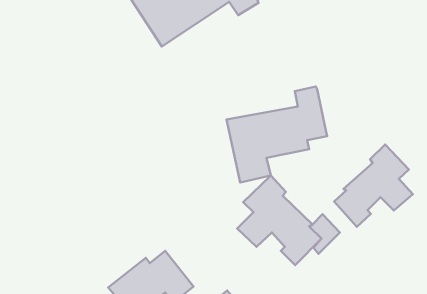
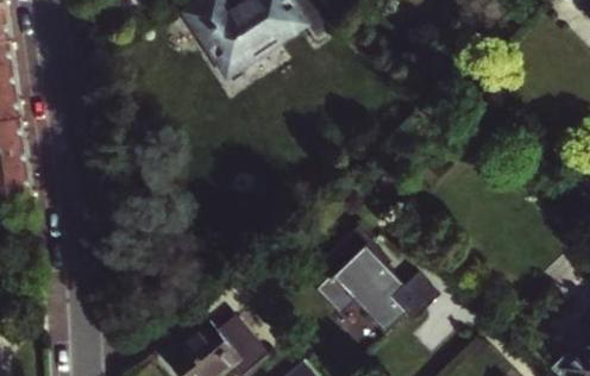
building: [226,86,327,182] -> none
building: [334,145,413,227] -> none

